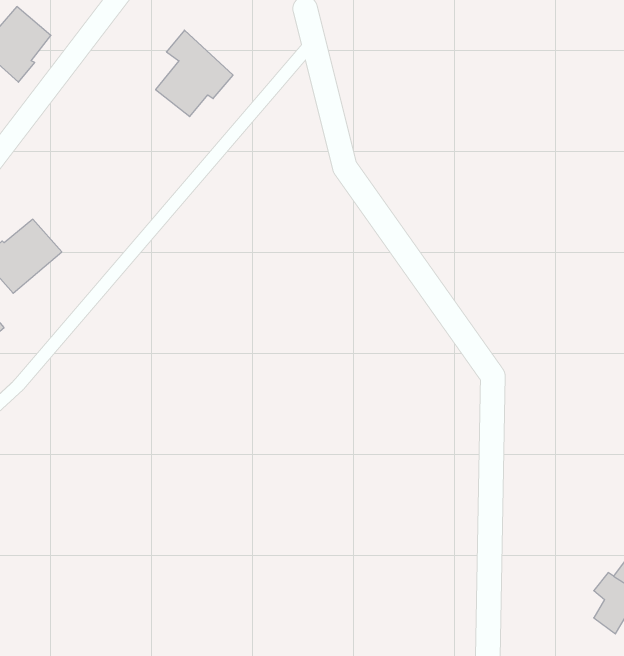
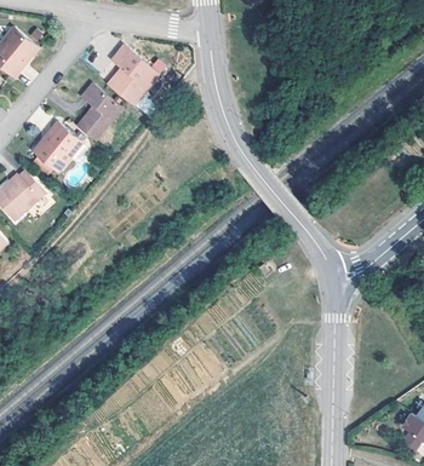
building: none -> [75,82,119,138]
building: none -> [31,121,82,173]

